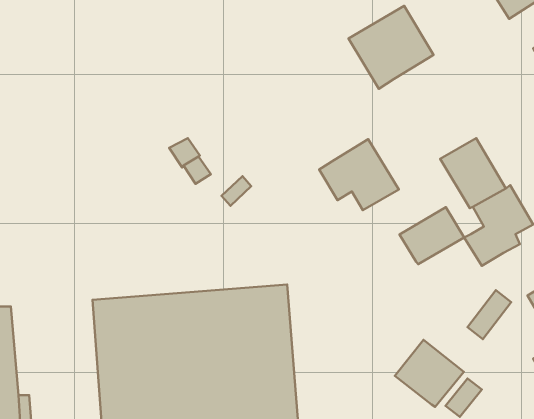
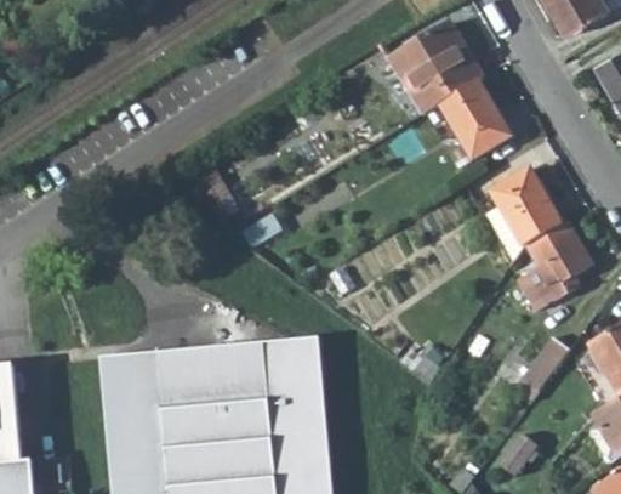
building: [319,139,399,210] -> [422,81,511,160]
building: [399,207,464,264] -> none
building: [395,340,464,407] -> none

